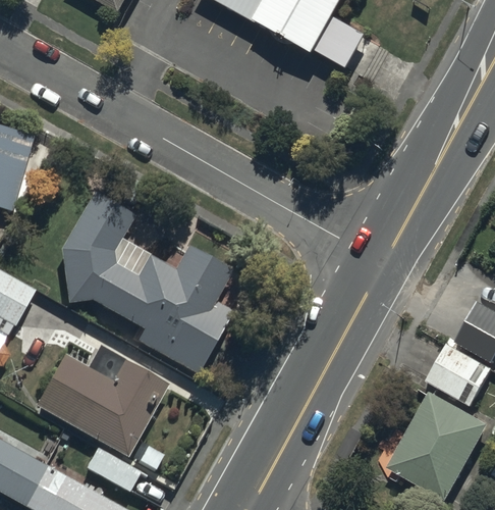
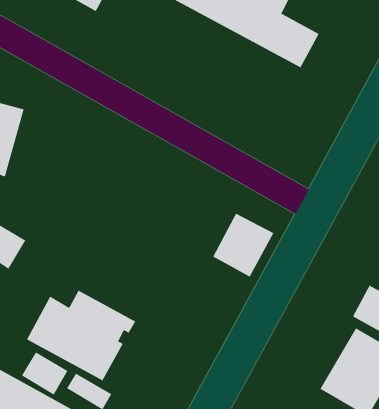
building: [61,193,233,374] -> none
building: none -> [212,213,274,277]
building: none -> [21,351,68,396]

